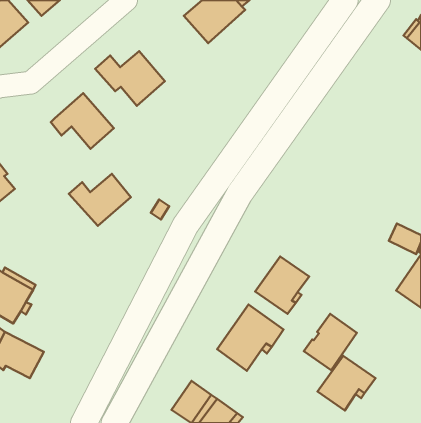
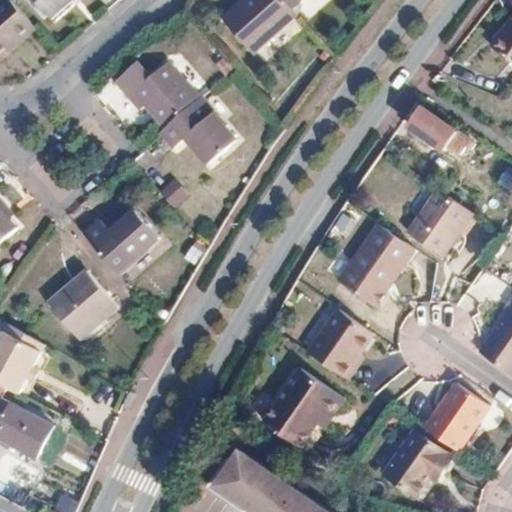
building: none -> [407,105,473,154]
building: [51,93,114,149] -> [160,98,236,165]
building: none -> [407,189,472,256]
building: none -> [338,223,415,306]
building: none -> [47,269,117,339]
building: [304,314,357,370] -> [424,383,488,451]

